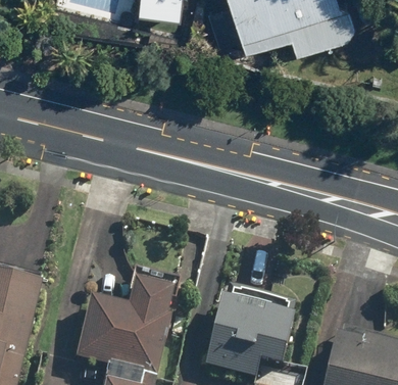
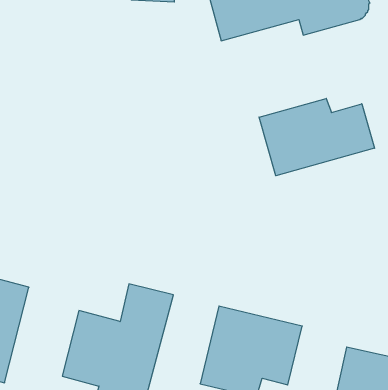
building: none -> [259,98,375,176]

